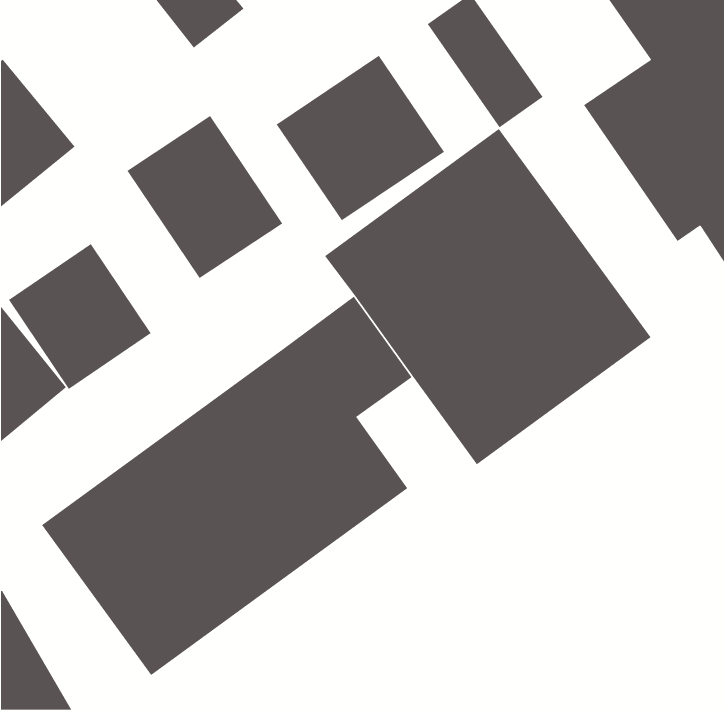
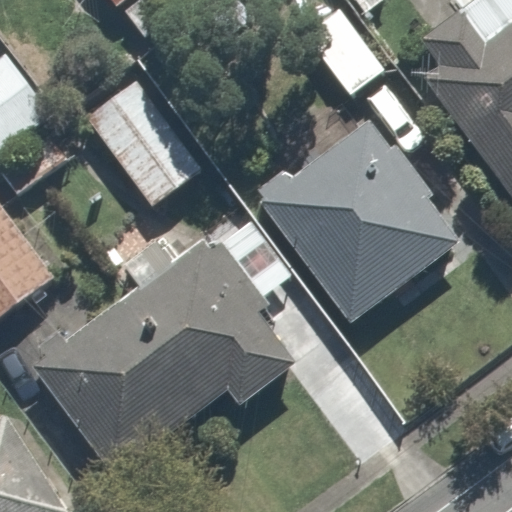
building: [276,55,445,221] -> none
building: [8,243,151,390] -> none

